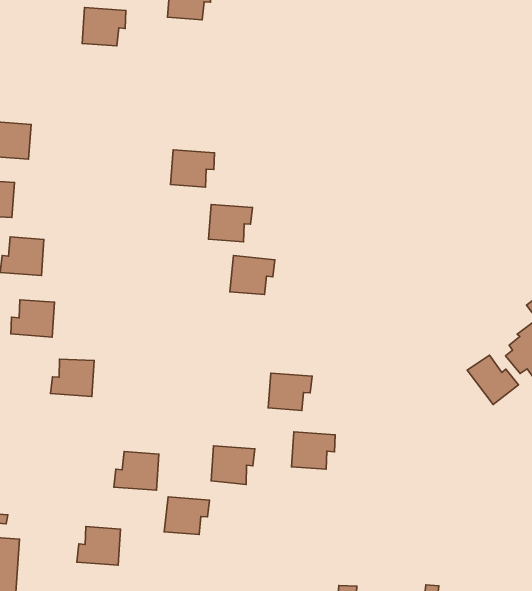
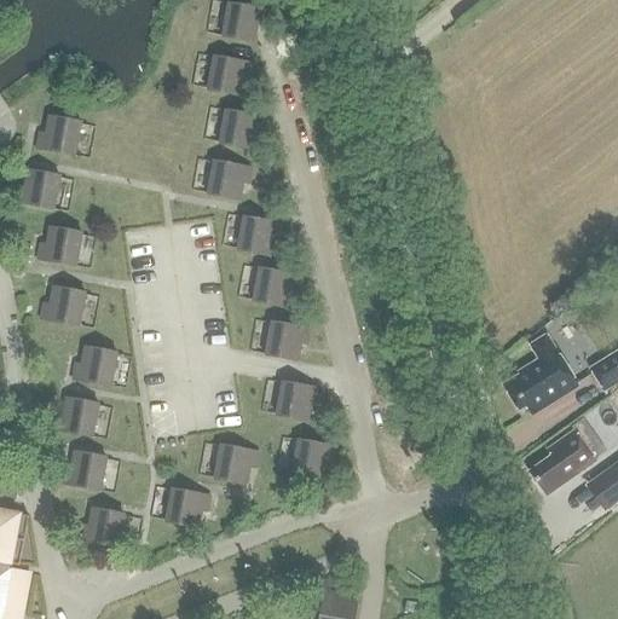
building: [82,7,126,46] -> [207,54,252,94]
building: none -> [219,109,264,147]
building: none -> [265,320,310,360]
building: [467,355,518,404] -> none
building: none -> [53,397,98,435]
building: [114,452,159,490] -> [60,450,106,490]

